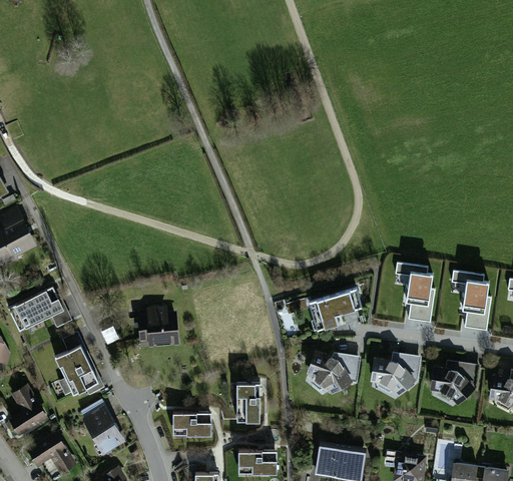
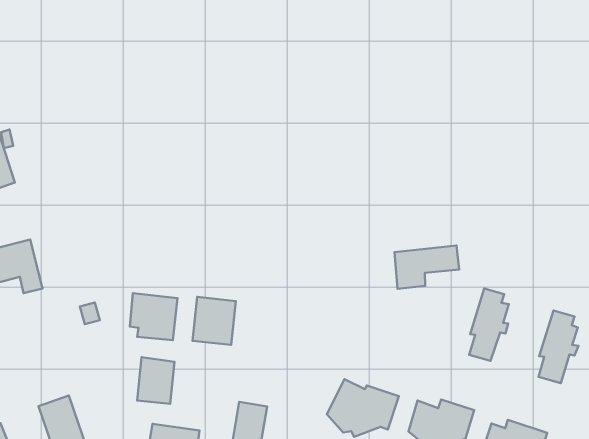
building: [310,287,362,328] -> [394,246,459,289]
building: none -> [192,297,236,345]
building: [53,343,97,395] -> none
building: none -> [137,357,175,404]

